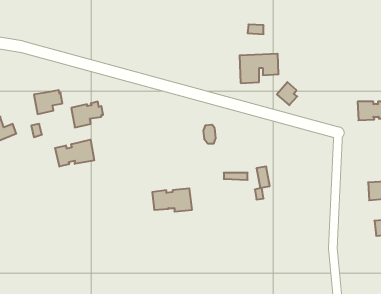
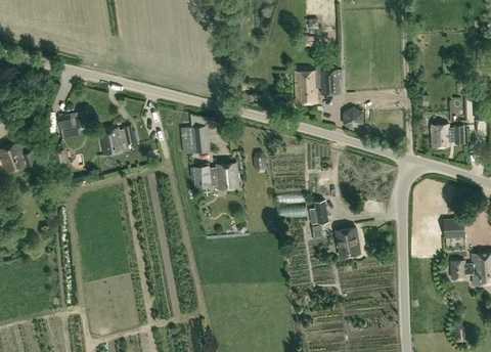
building: none -> [182,127,209,155]
building: [55,140,94,167] -> none
building: [152,188,192,212] -> [194,164,240,190]
building: none -> [337,228,361,258]

